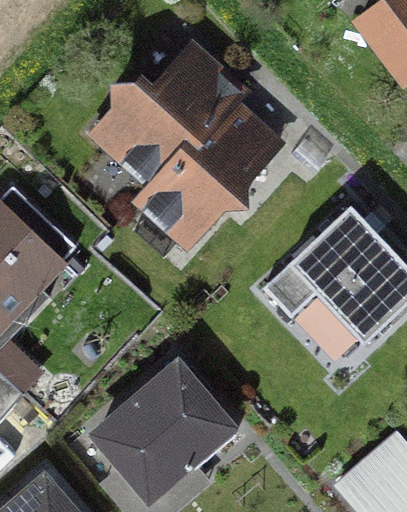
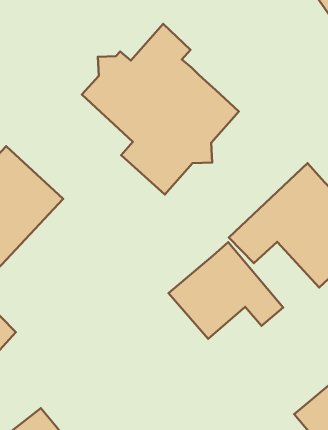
building: none -> [169,242,283,339]
building: [98,366,232,496] -> none

